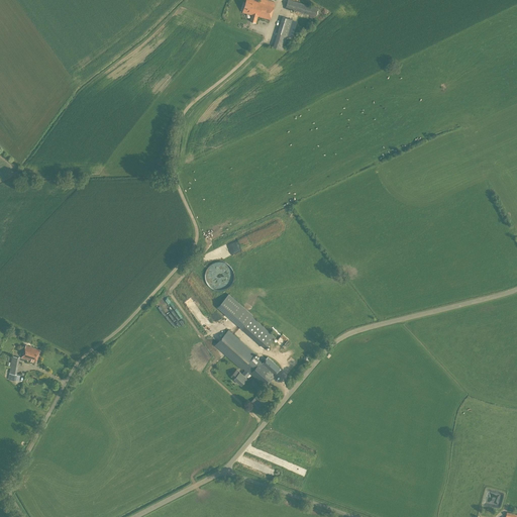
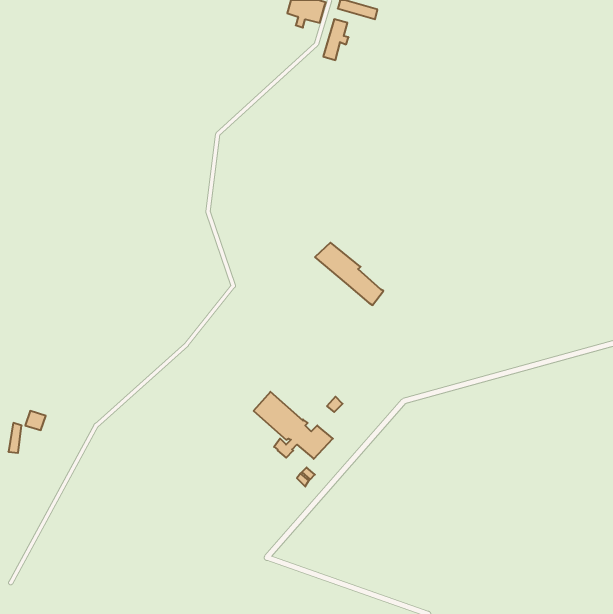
building: [205,260,234,291] -> none
building: [214,294,272,346] -> [315,243,383,305]

